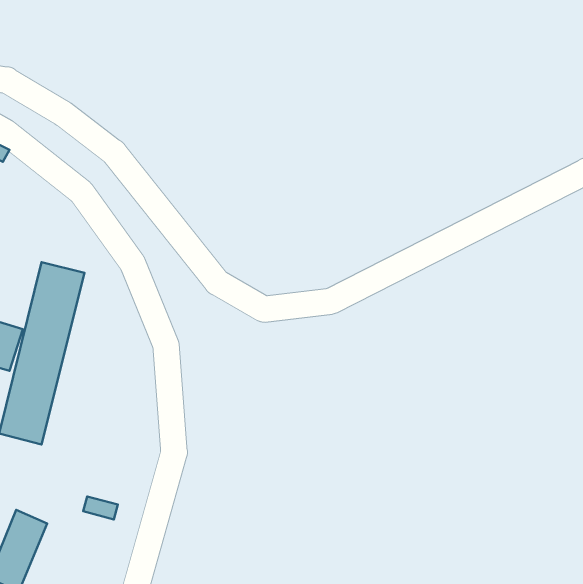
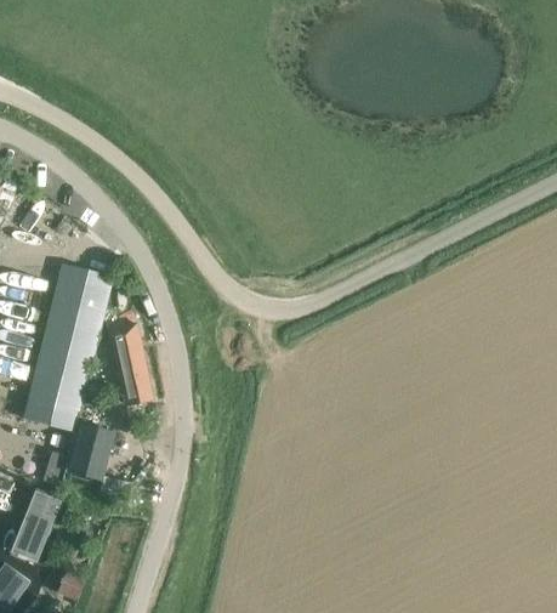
building: none -> [109,324,153,404]
building: none -> [68,425,113,479]

